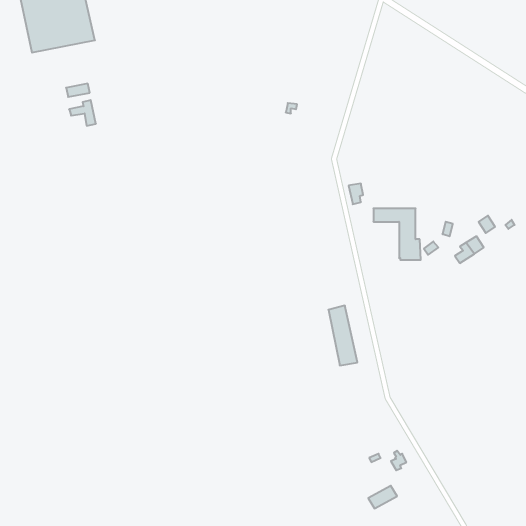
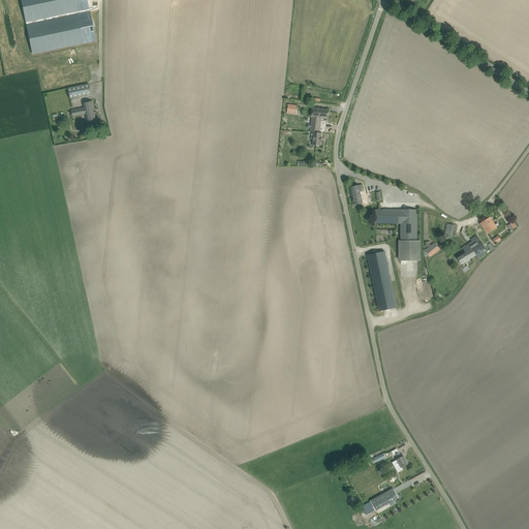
building: none -> [309,106,329,145]
building: [328,306,357,365] -> [367,250,396,310]

